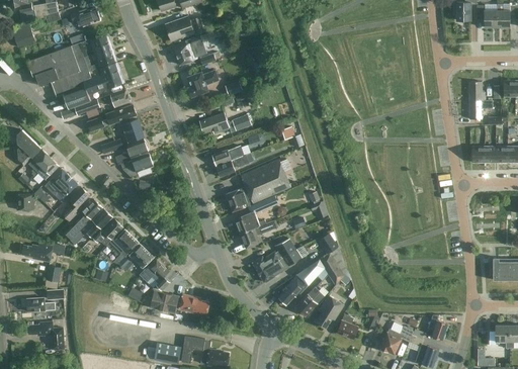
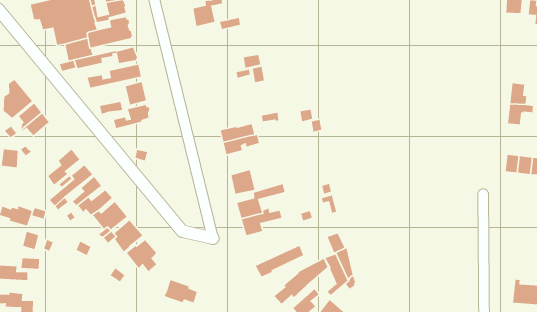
building: [187,71,218,97] -> none
building: [199,112,251,132] -> none
building: [120,154,152,178] -> none
building: [240,159,290,204] -> none
building: [44,169,78,198] -> none
building: [252,238,295,273] -> none
building: [150,290,180,313] -> none

